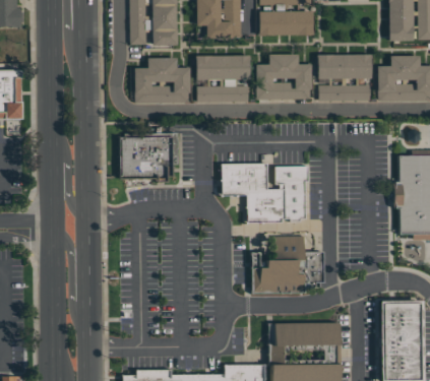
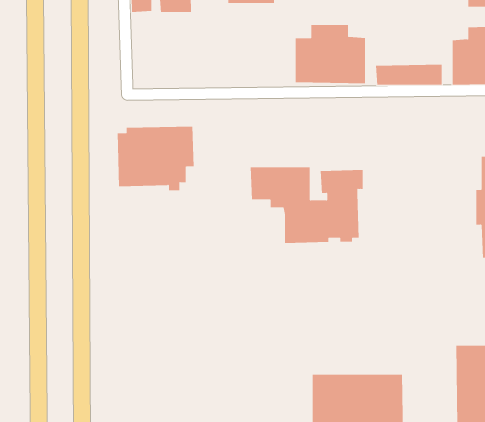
building: [317,54,371,79] -> none
building: [195,55,250,102] -> none
building: [134,57,190,103] -> none
building: [253,236,324,294] -> none

